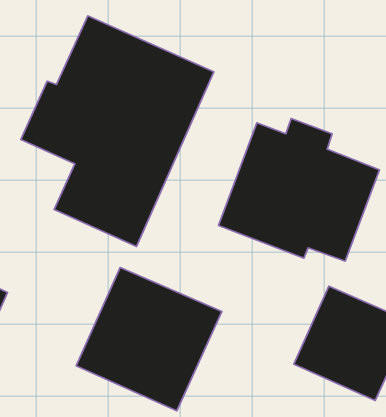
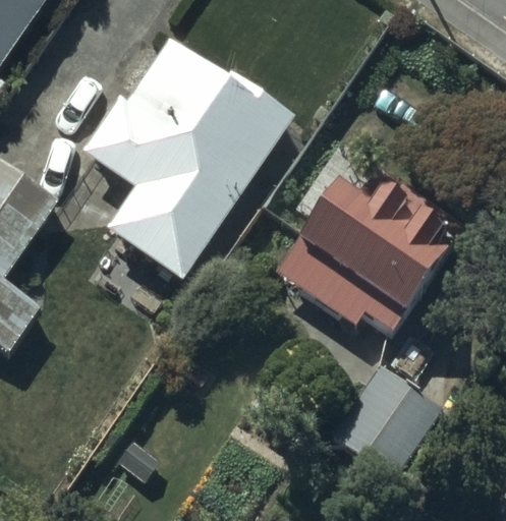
building: [76,267,222,411] -> none

